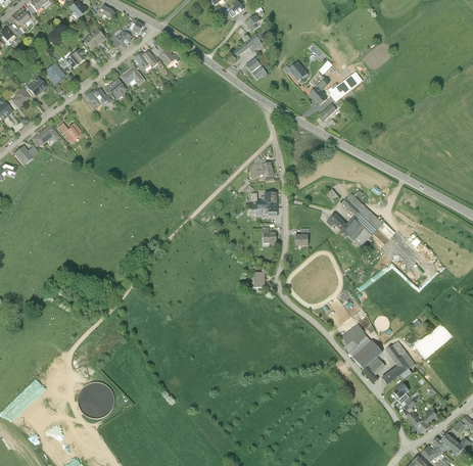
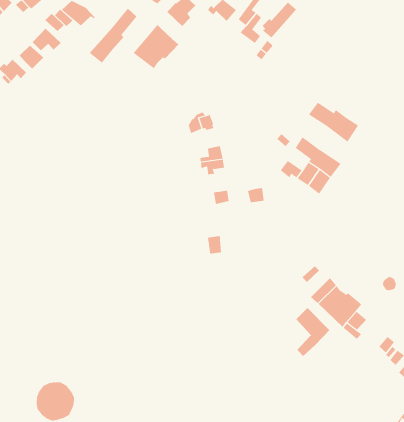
building: none -> [89,8,137,63]
building: none -> [133,24,179,69]
building: none -> [308,102,359,142]
building: [382,340,415,384] -> [296,307,330,357]

